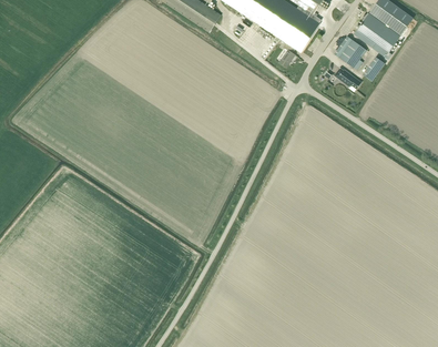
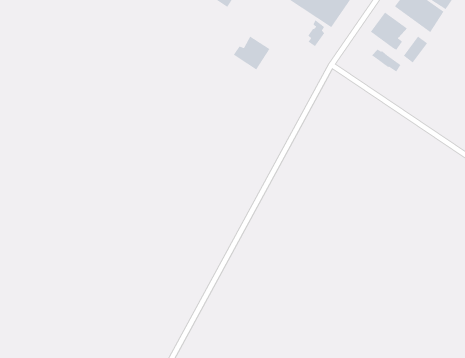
building: none -> [233,35,270,71]

